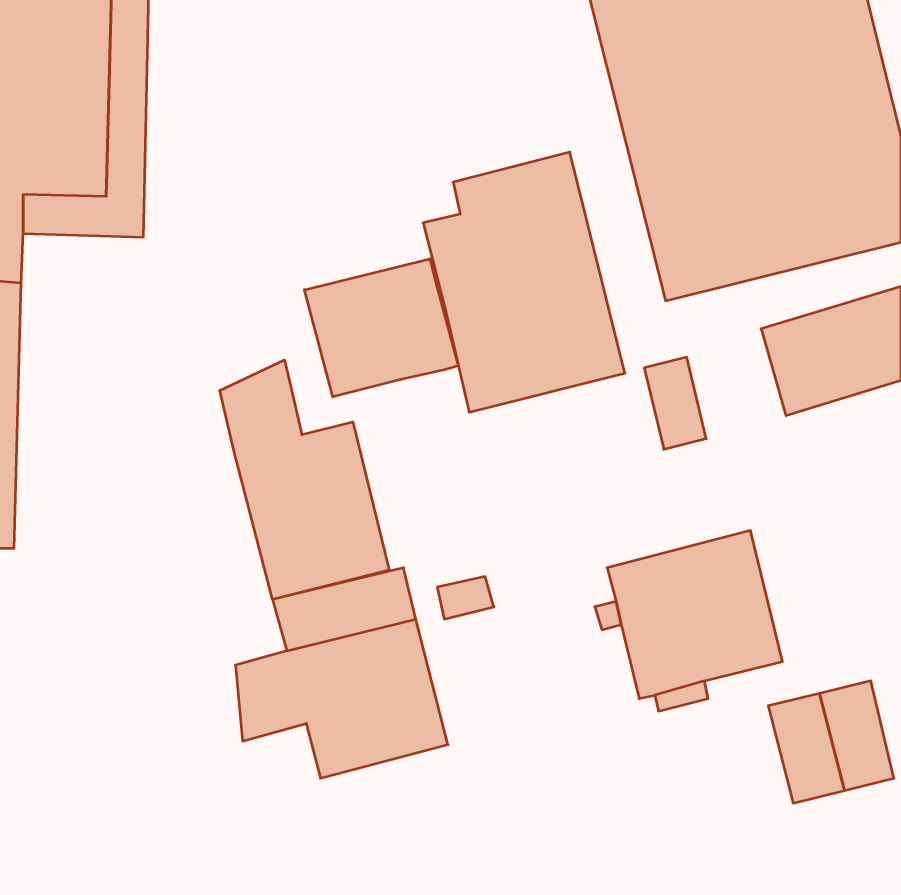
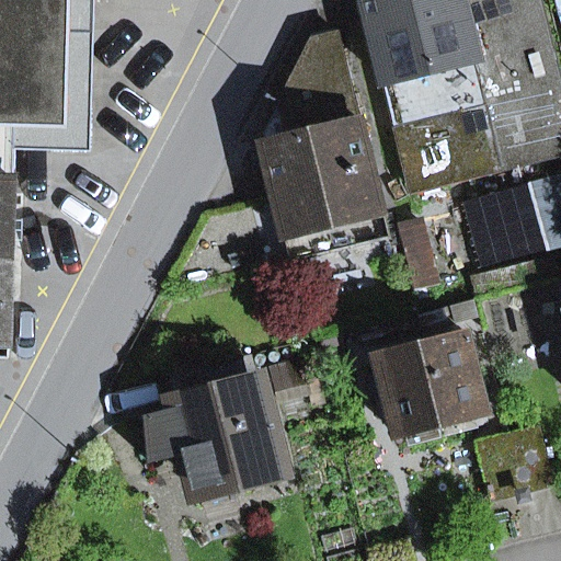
building: none -> [277,30,353,113]
building: [304,259,458,397] -> none
building: [220,360,389,600] -> none

